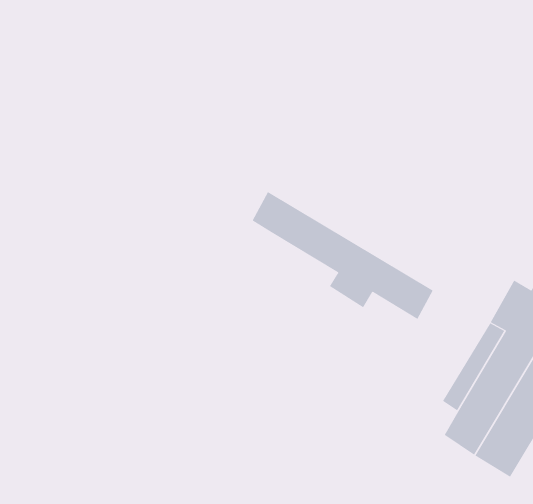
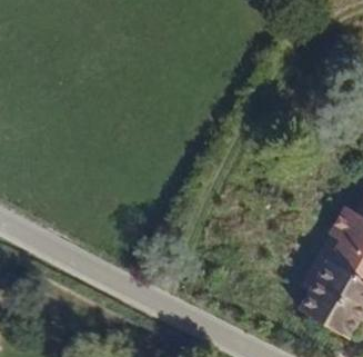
building: [252,191,434,320] -> none

